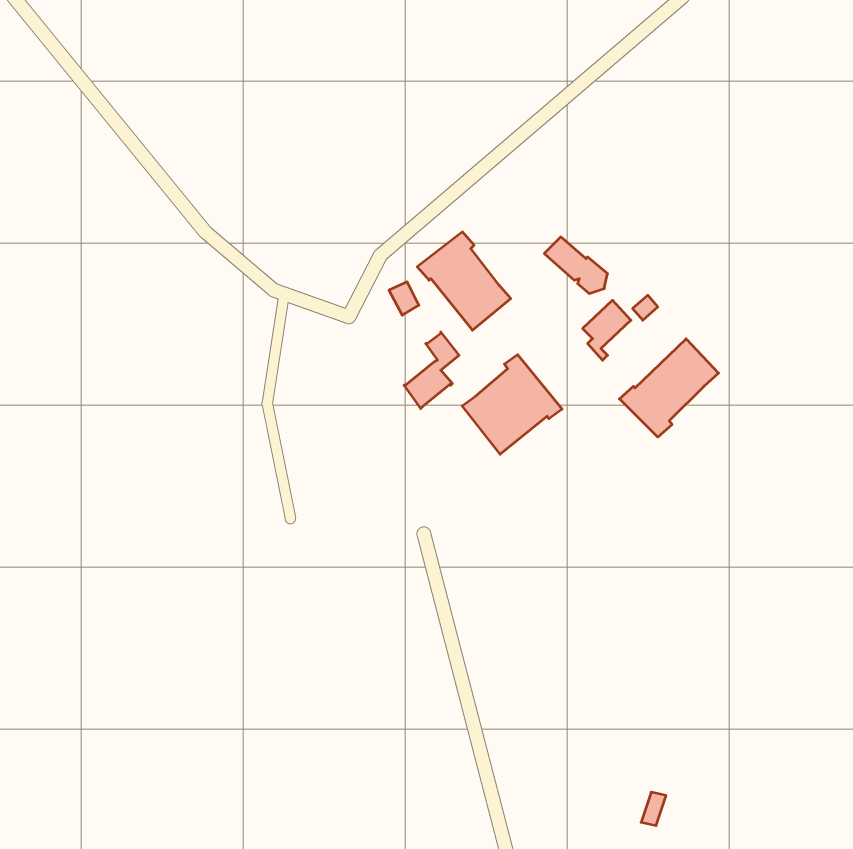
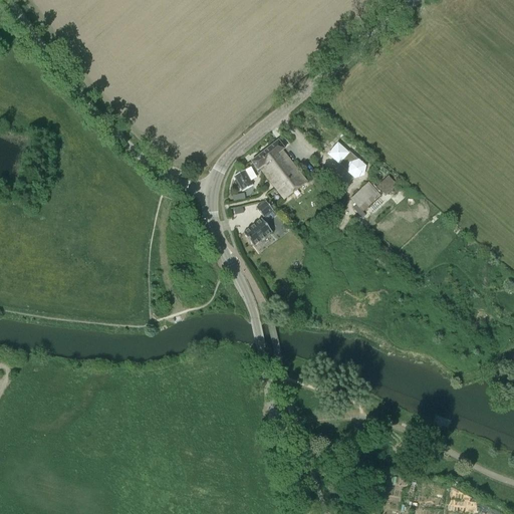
building: [619,339,719,437] -> none
building: [462,355,562,454] -> none

